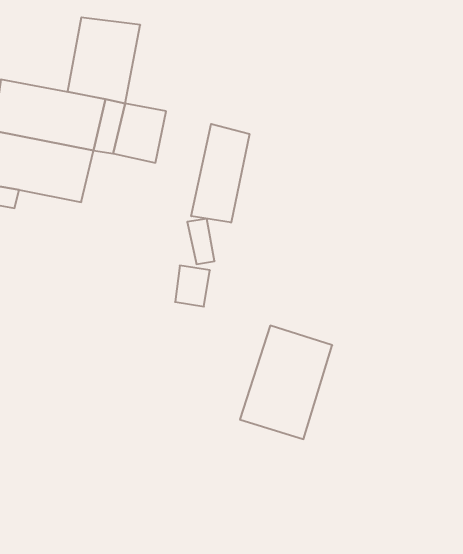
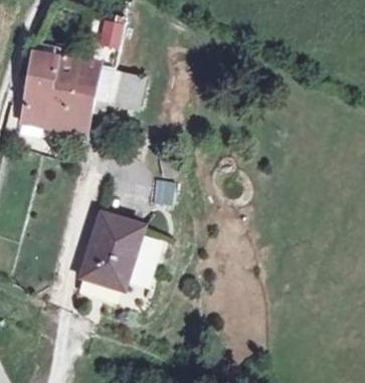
building: [191,124,249,223] -> none
building: [240,326,332,439] -> [80,213,142,289]

